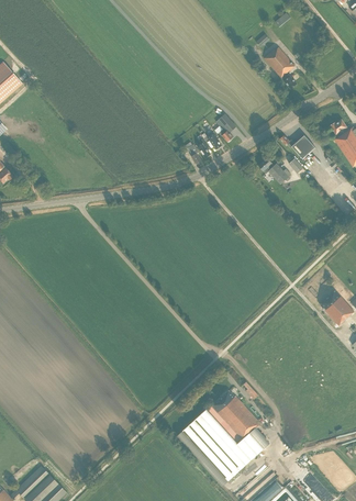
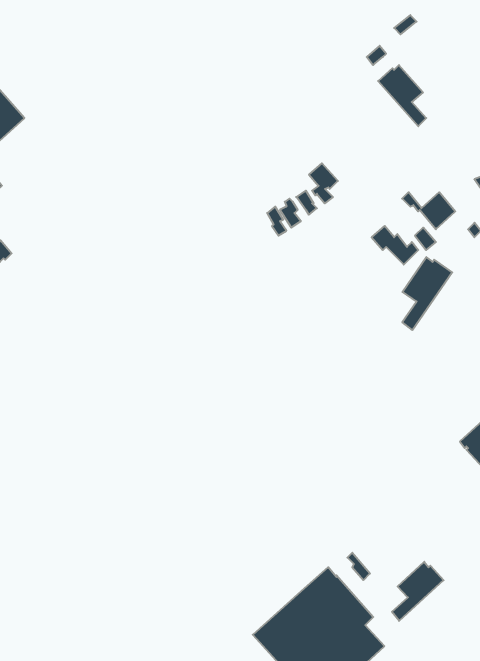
building: none -> [402,257,452,330]
building: none -> [392,562,444,621]

